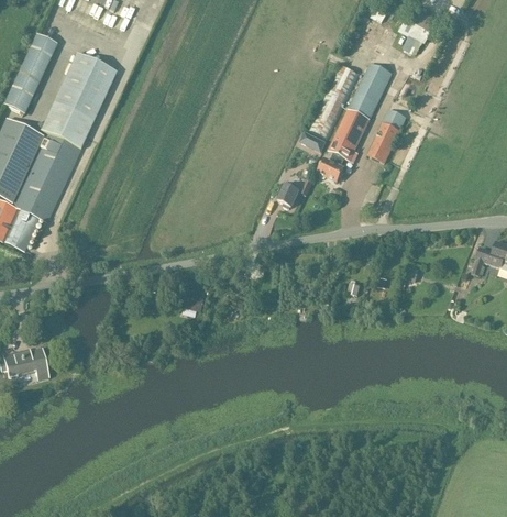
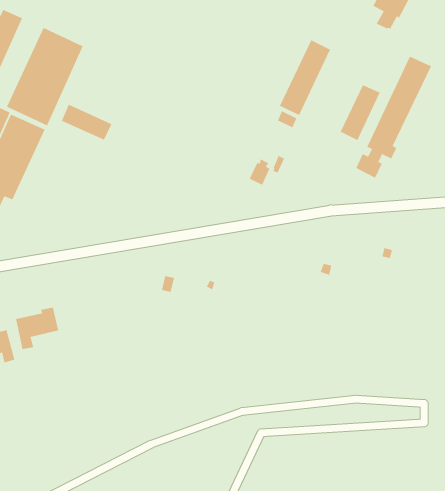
building: [317,62,392,182] -> [355,56,432,178]
building: none -> [61,104,112,140]
building: none -> [15,307,59,350]

